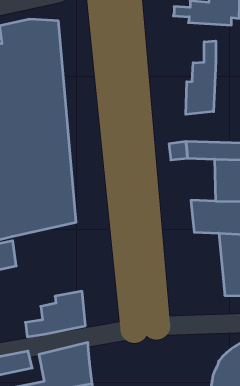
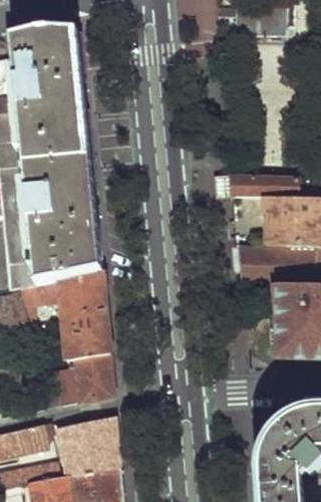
building: [186,41,216,114] -> none
building: none -> [21,272,104,361]

